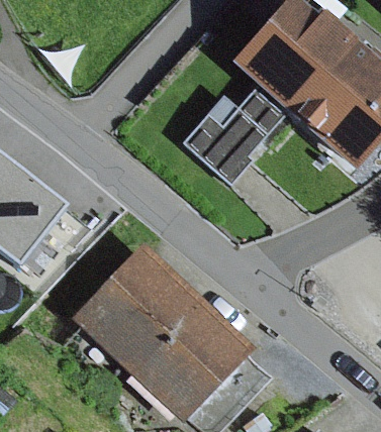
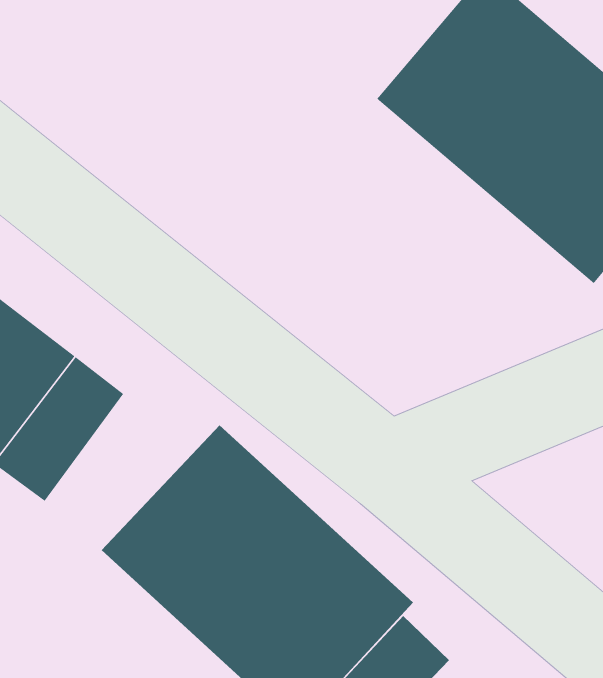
building: [183,107,268,184] -> none

